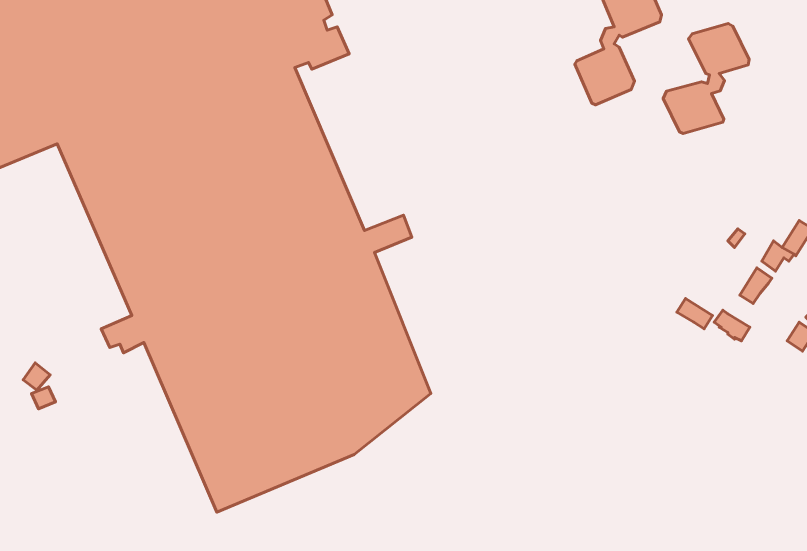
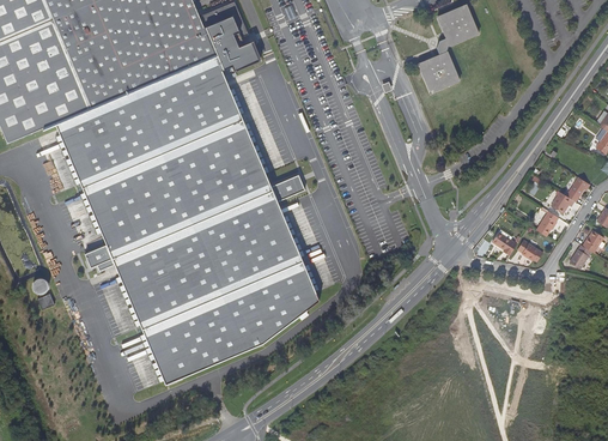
building: [663,24,749,133] -> none

